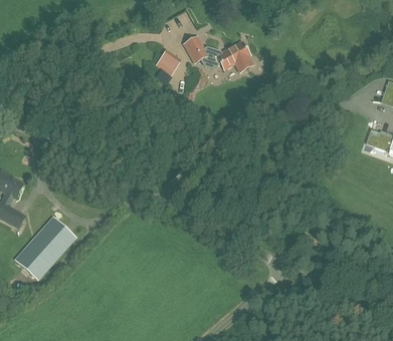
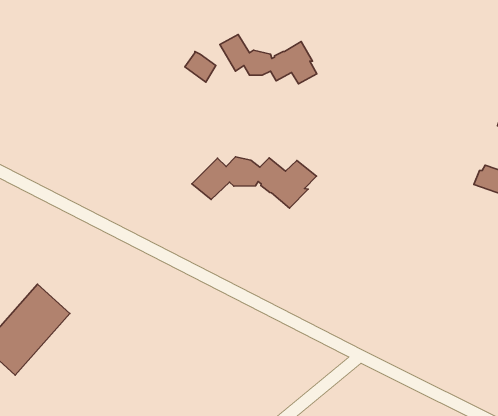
building: none -> [192,157,316,208]

